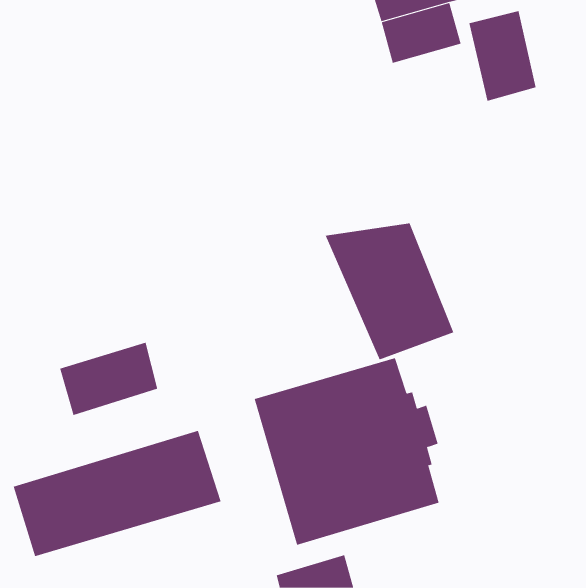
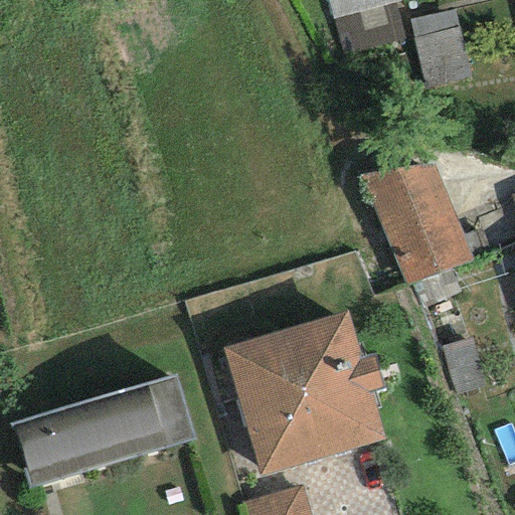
building: [325,223,454,360] -> [360,164,473,284]
building: [59,342,158,416] -> none

